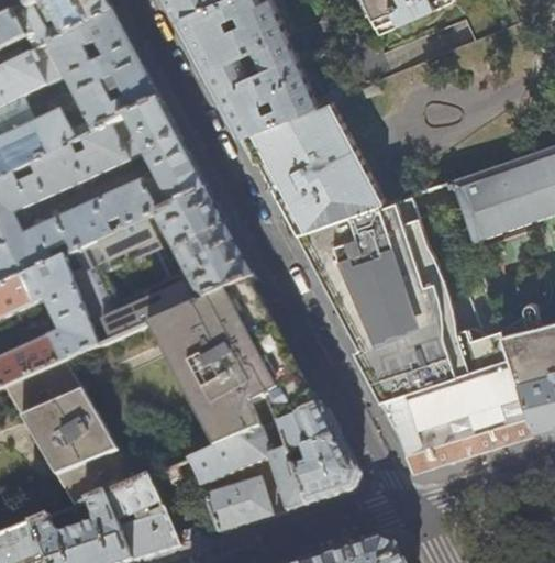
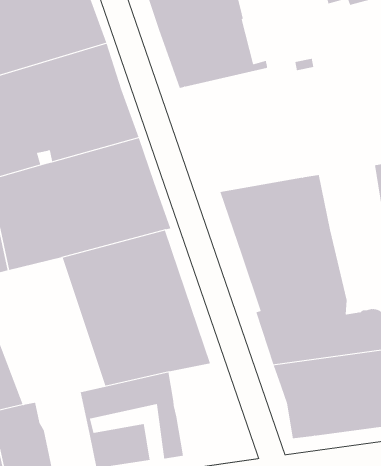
building: [246,101,380,234] -> none
building: [278,407,360,507] -> none

